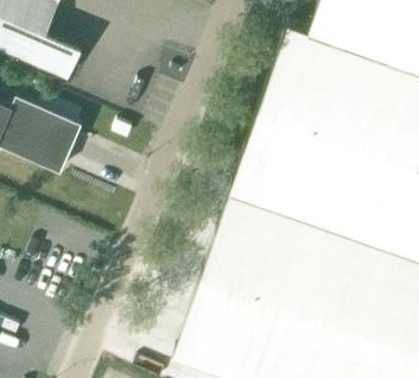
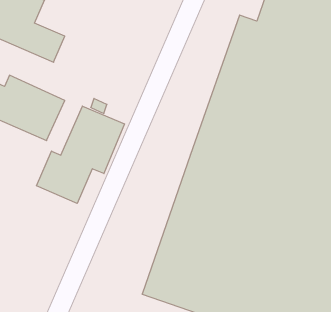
building: none -> [36,106,124,203]

